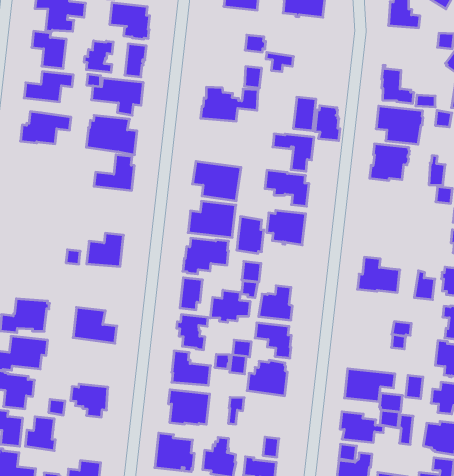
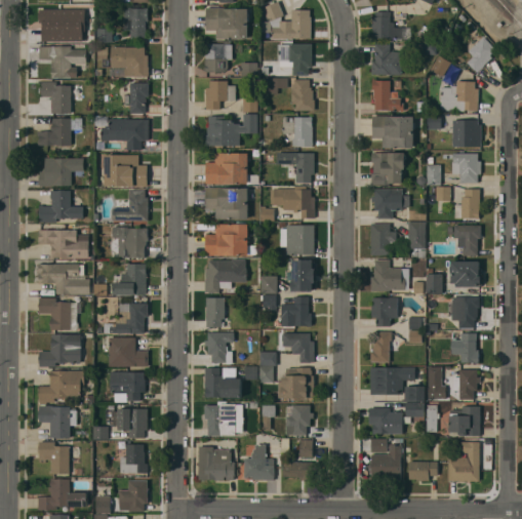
building: none -> [204,44,227,73]
building: none -> [277,44,311,76]
building: none -> [370,45,401,75]
building: [84,41,113,72] -> none
building: none -> [205,81,235,112]
building: [315,106,340,141] -> [290,80,314,111]
building: none -> [205,153,247,186]
building: none -> [38,191,83,223]
building: none -> [370,189,402,219]
building: none -> [37,230,88,258]
building: none -> [112,227,148,258]
building: [237,217,264,253] -> [291,260,315,292]
building: none -> [370,224,396,255]
building: none -> [407,223,425,249]
building: none -> [36,264,89,294]
building: none -> [38,298,78,330]
building: none -> [109,303,147,334]
building: [210,290,250,322] -> none
building: none -> [370,297,397,326]
building: none -> [369,331,391,363]
building: none -> [109,372,144,401]
building: none -> [285,405,313,435]
building: [25,417,55,451] -> [119,444,147,474]

